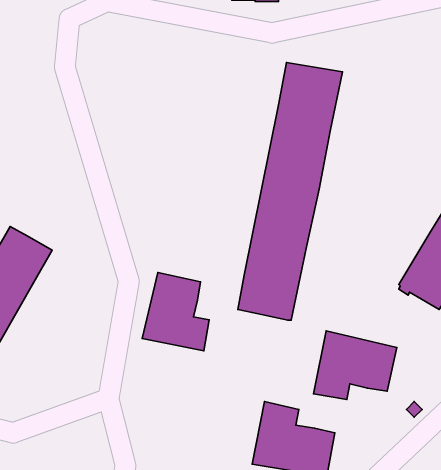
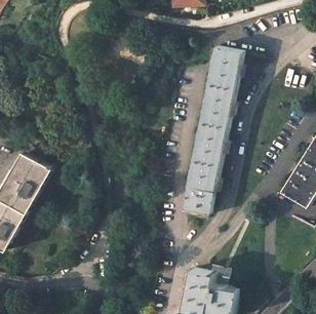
building: [142,272,209,351] -> none
building: [314,331,397,400] -> none

